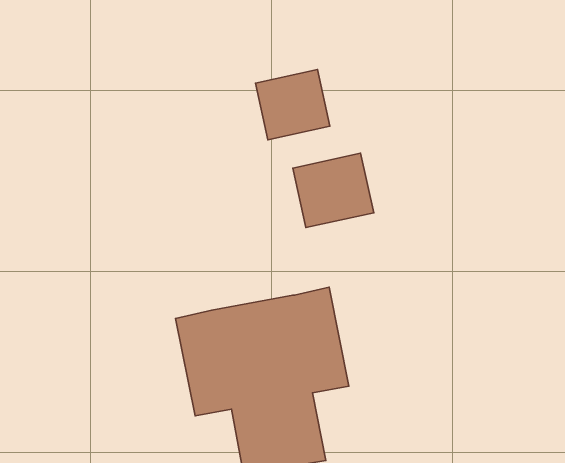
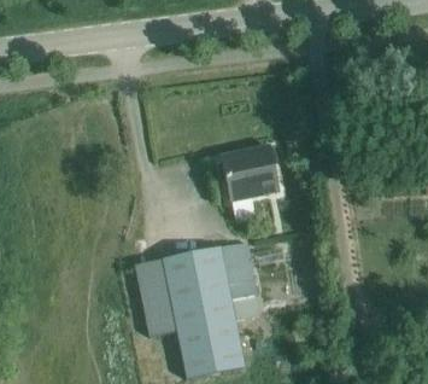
building: [256,70,330,140] -> none

